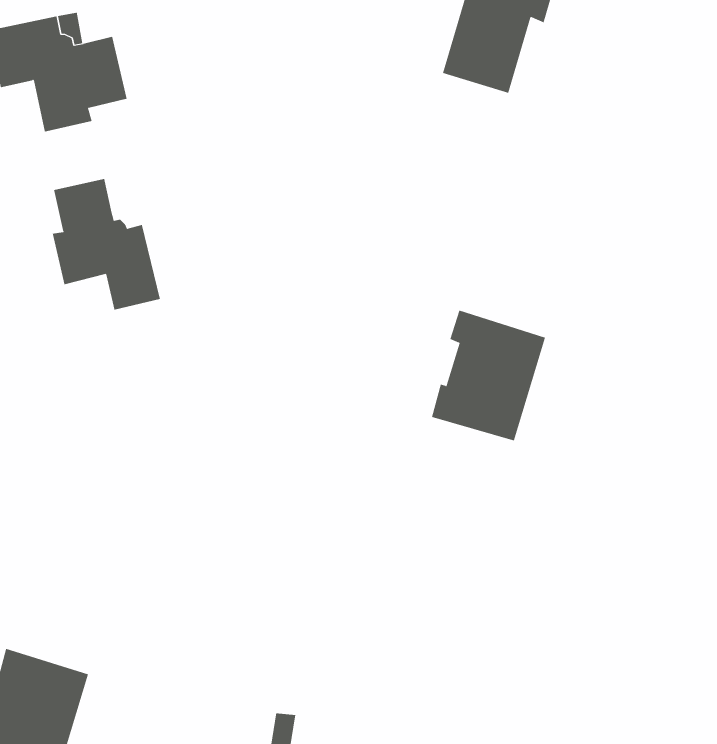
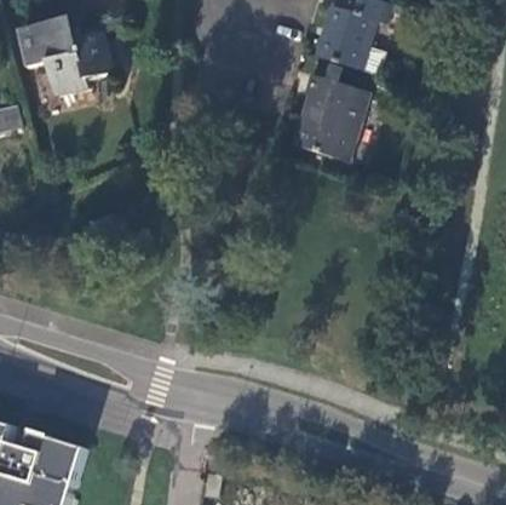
building: [52,178,161,310] -> none
building: [431,310,546,441] -> [293,74,368,160]

